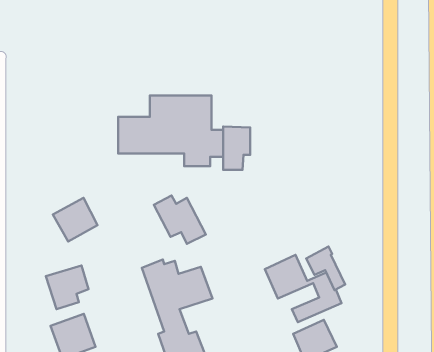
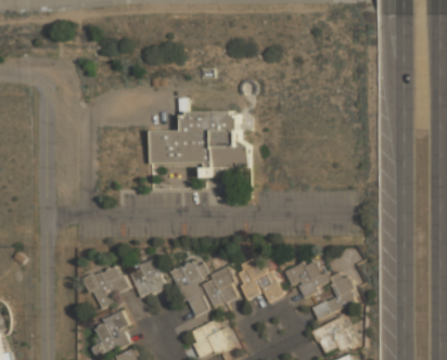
building: [223,127,250,170] -> none
building: [154,195,206,244] -> [234,259,282,304]
building: [53,198,98,242] -> [125,258,166,298]

